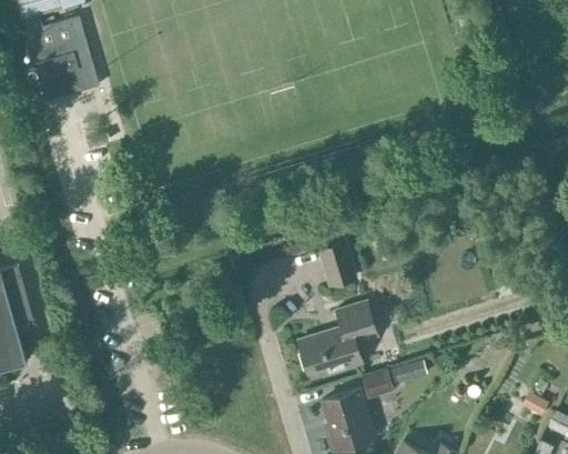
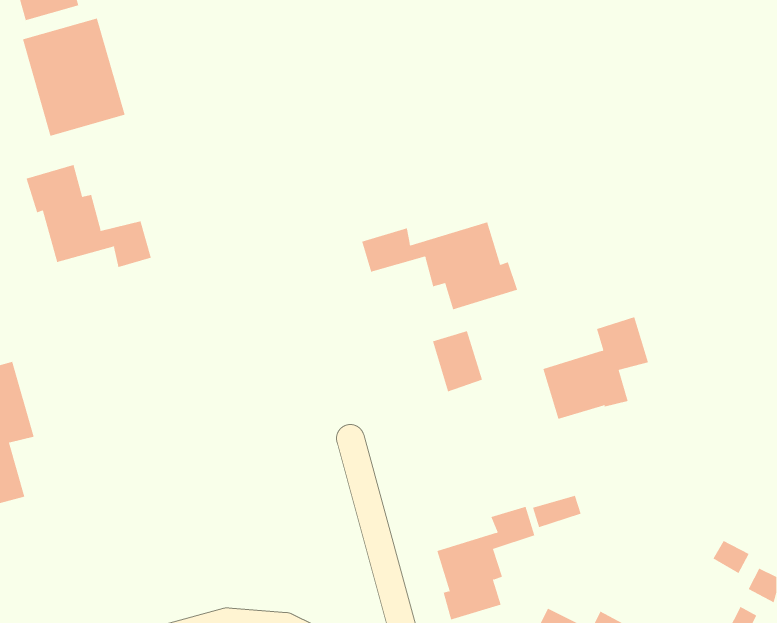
building: none -> [26,164,151,268]
building: none -> [362,221,518,310]
building: [298,302,375,376] -> [542,316,649,420]

